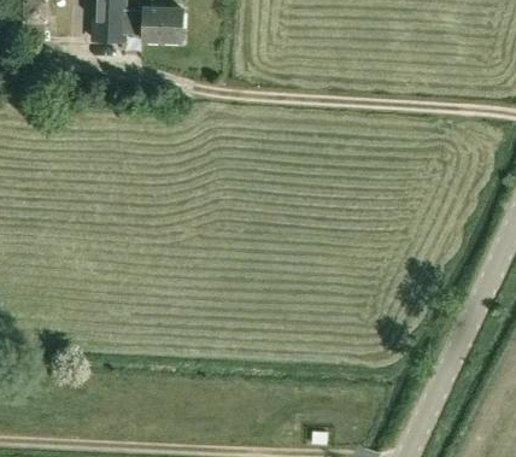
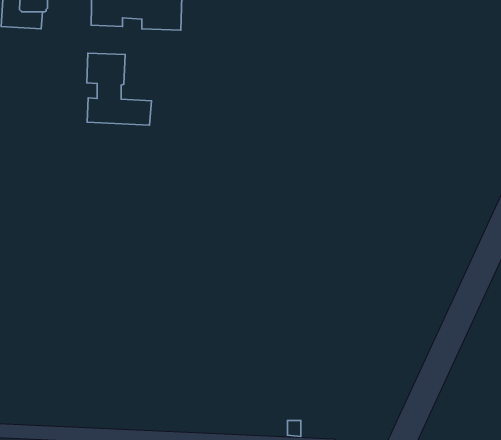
building: none -> [87,53,152,125]

